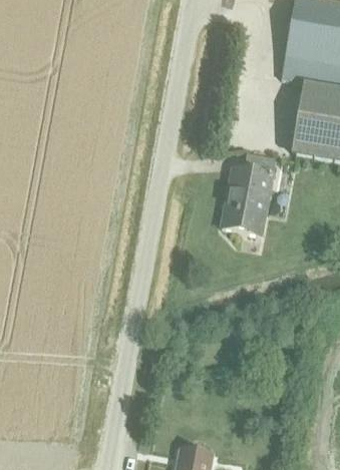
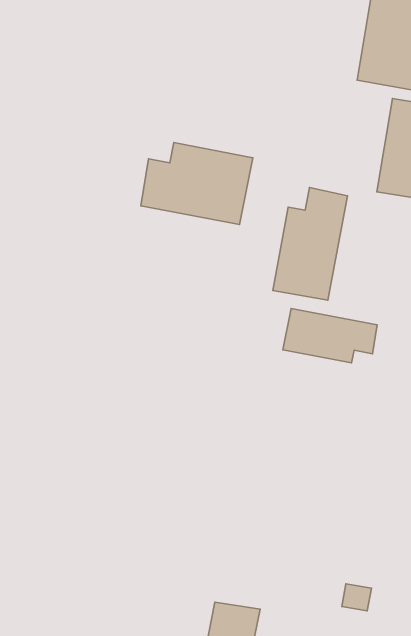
building: none -> [141,143,253,224]
building: none -> [283,308,377,363]

